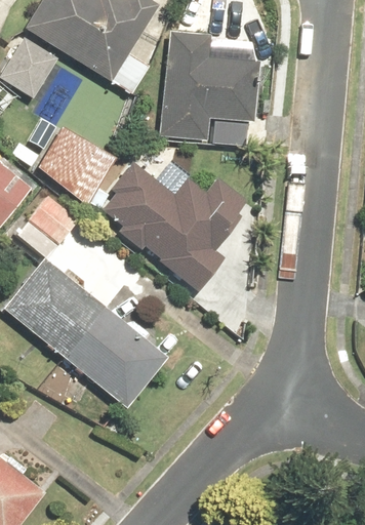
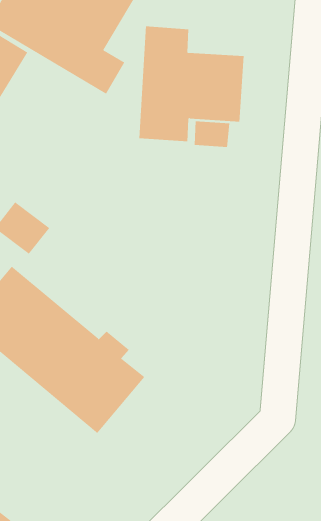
building: [39,124,115,205] -> none
building: [99,162,247,294] -> none

